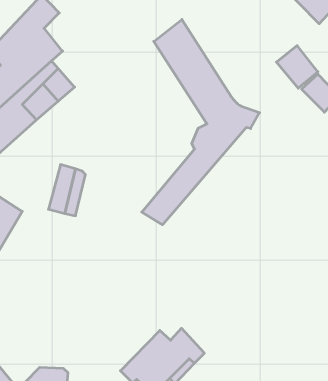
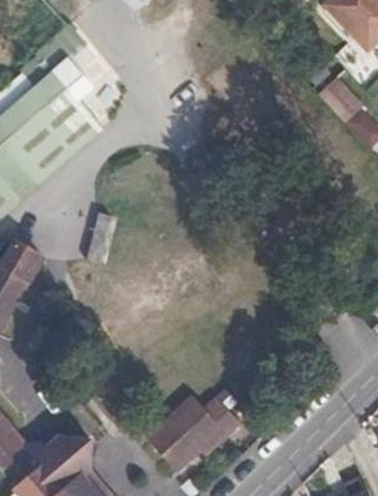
building: [142,19,260,225] -> none

